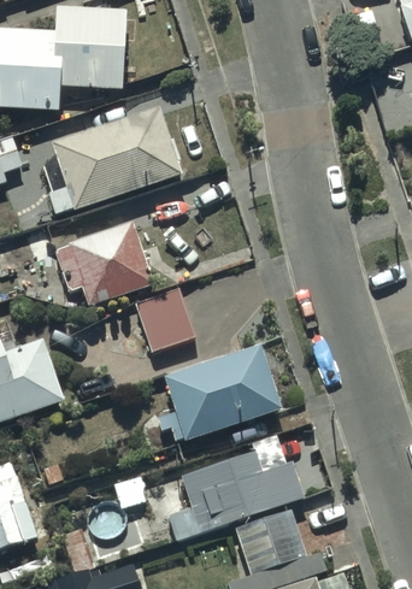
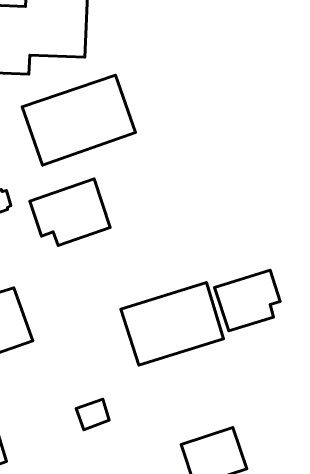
building: [130,290,193,353] -> none
building: none -> [215,270,280,331]
building: [165,452,302,541] -> none

